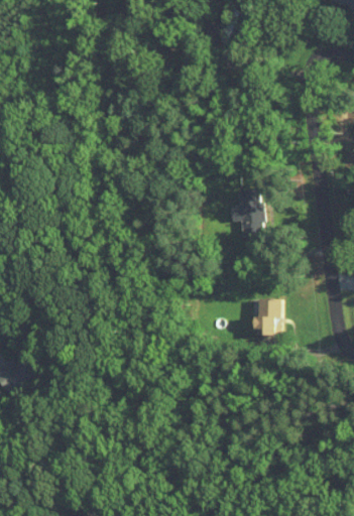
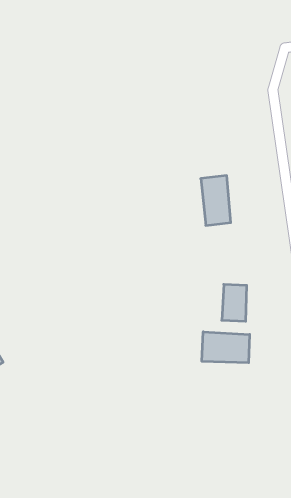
building: none -> [202,332,250,363]

